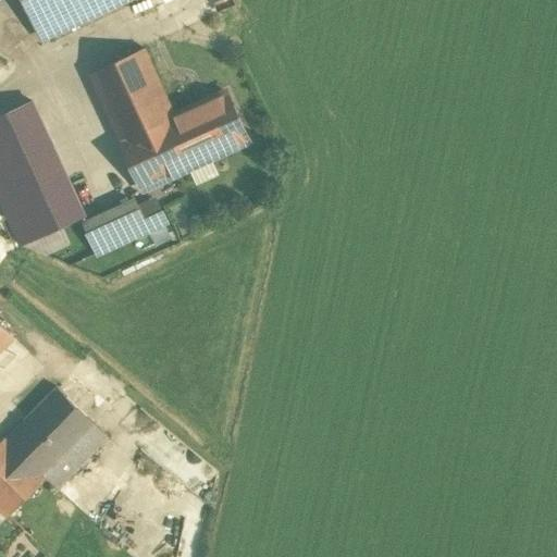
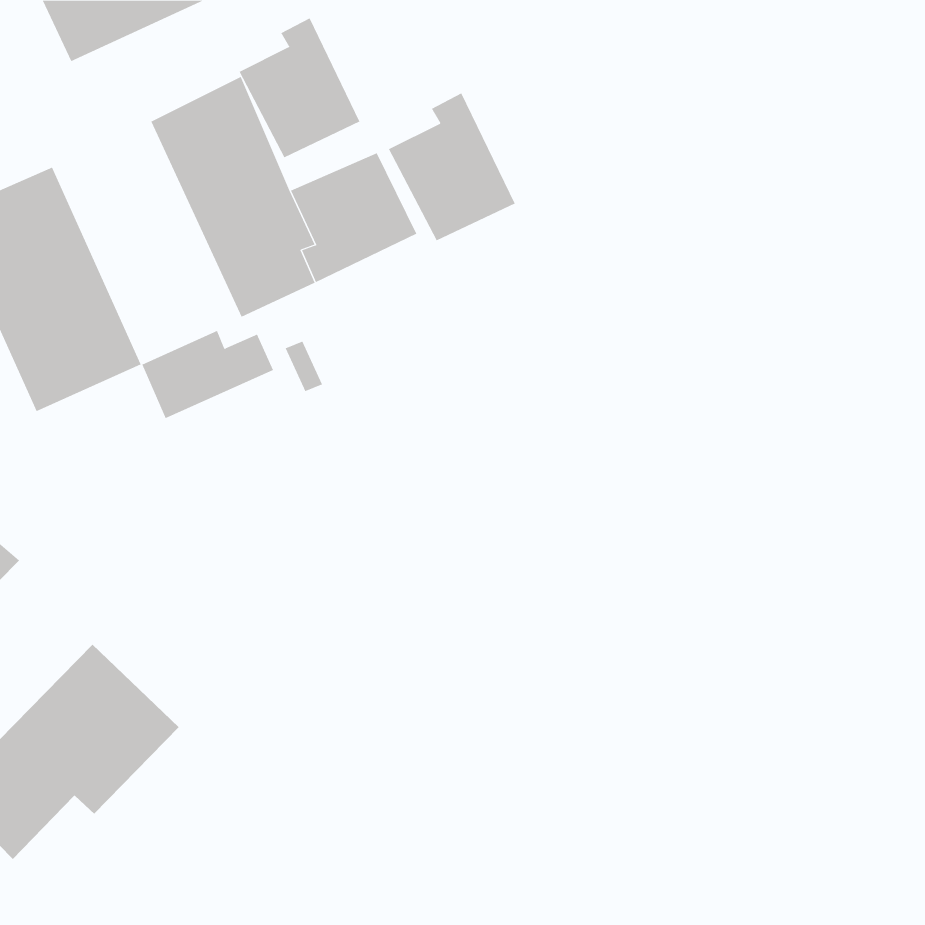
building: none -> [239,17,360,158]
building: none -> [388,92,515,241]

